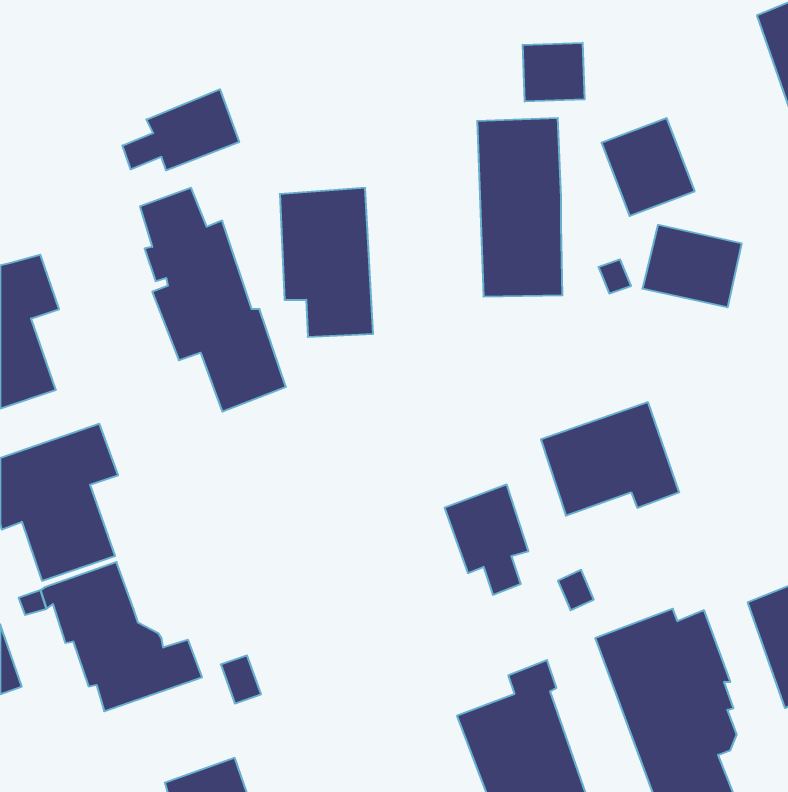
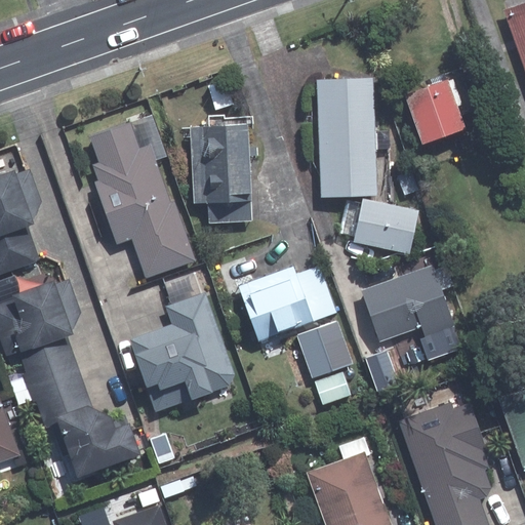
building: [523,43,585,102] -> none
building: [122,89,239,170] -> none
building: [642,225,742,307] -> [352,200,417,254]
building: none -> [237,267,336,342]
building: none -> [138,295,235,406]

